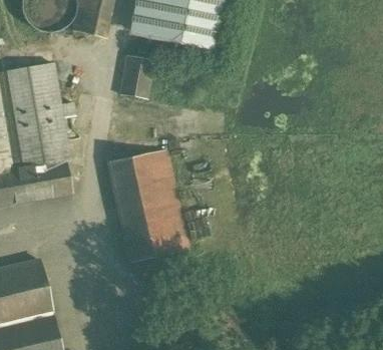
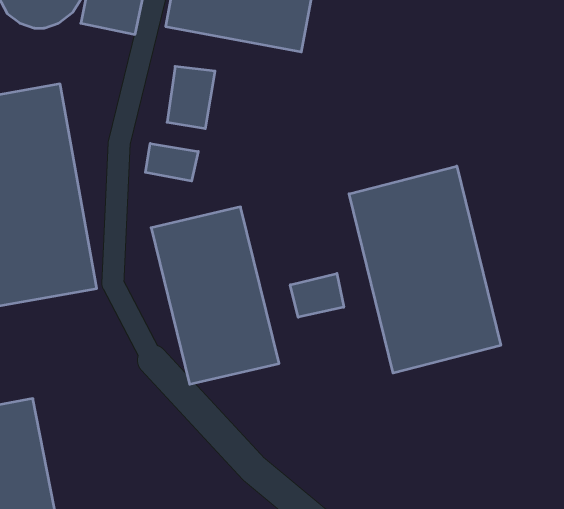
building: none -> [145,143,198,181]
building: none -> [349,166,501,373]
building: none -> [290,273,344,317]

